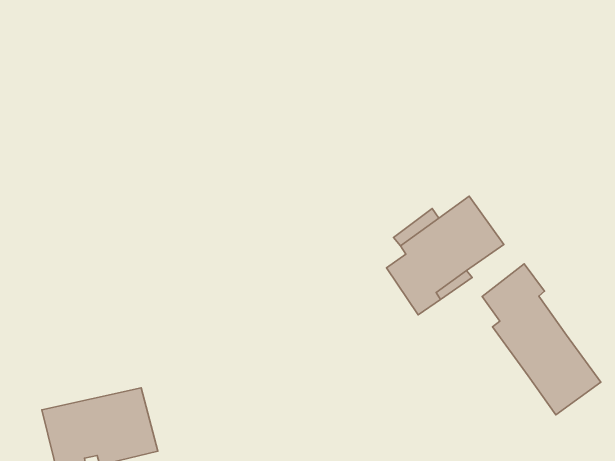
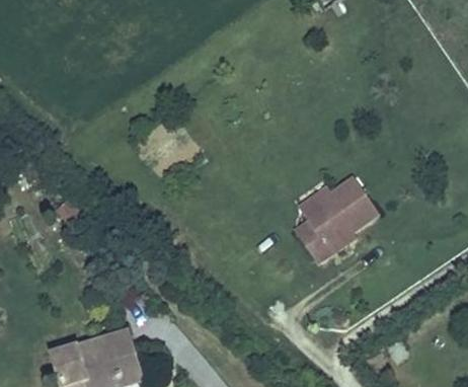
building: [482,264,601,415] -> none

